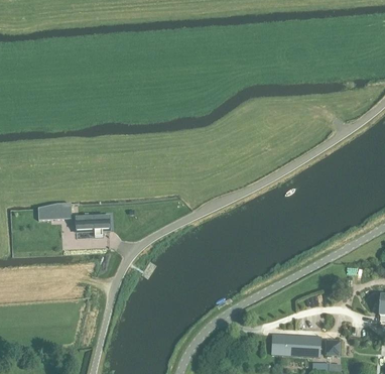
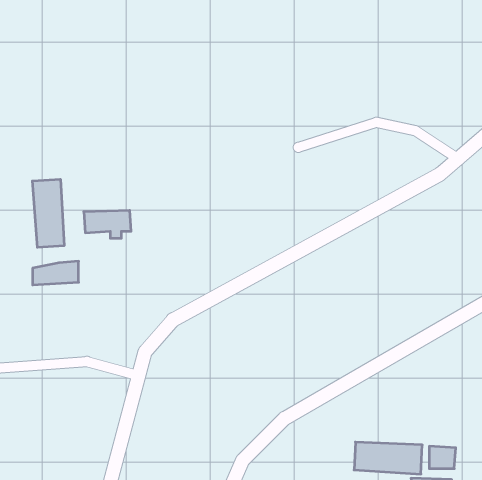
building: none -> [32,179,64,247]
building: [75,215,109,235] -> [84,210,131,238]

